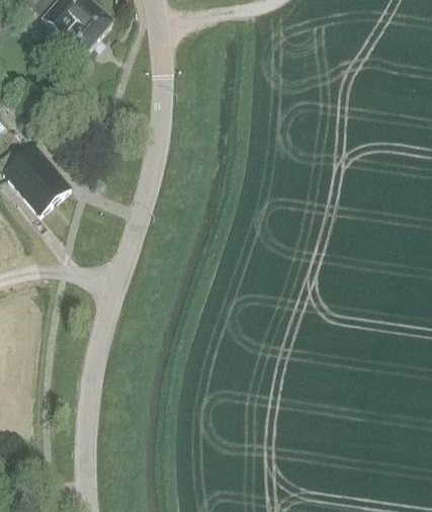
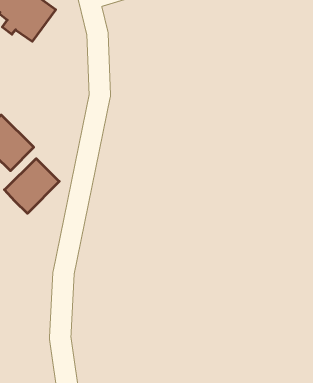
building: none -> [4,159,59,213]

